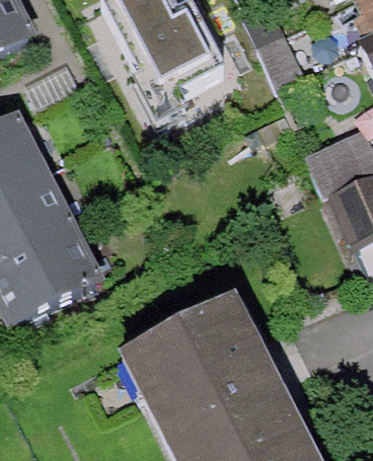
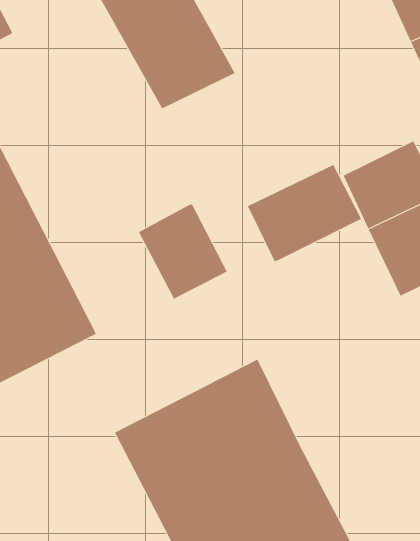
building: none -> [247,164,362,262]
building: none -> [138,204,227,299]

